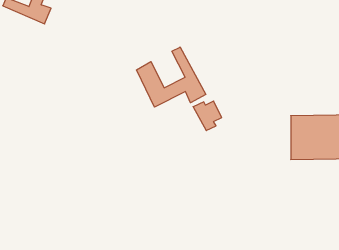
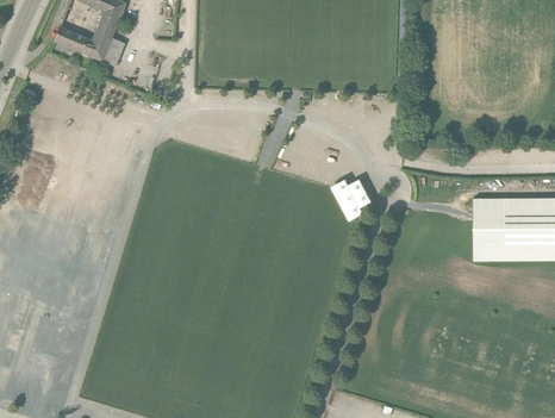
building: [136,47,206,107] -> none

